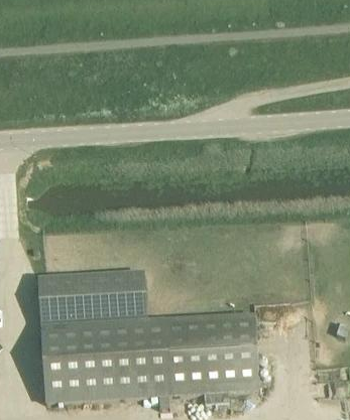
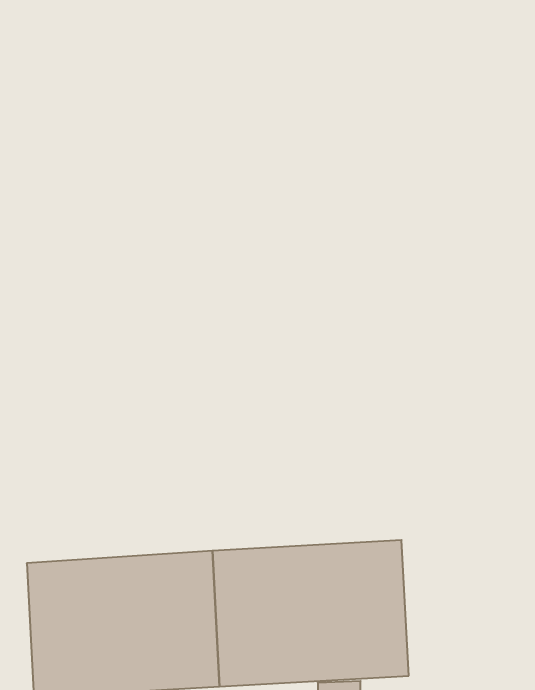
building: [38,270,146,325] -> none

